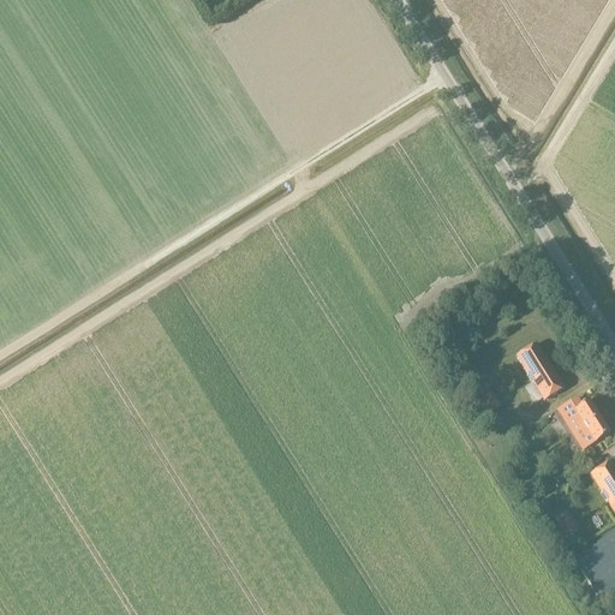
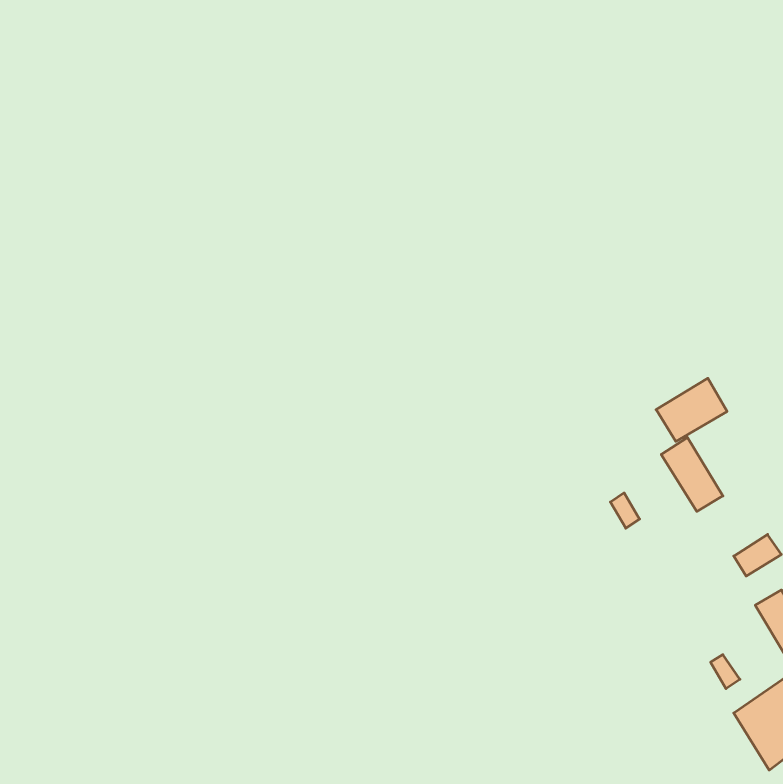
building: none -> [656,378,727,441]
building: [560,395,602,434] -> none

